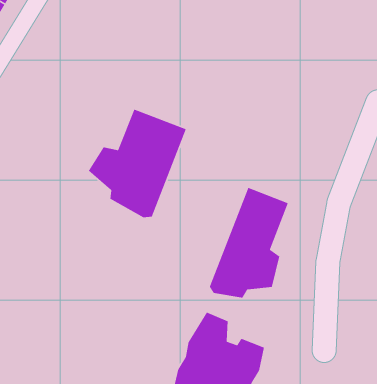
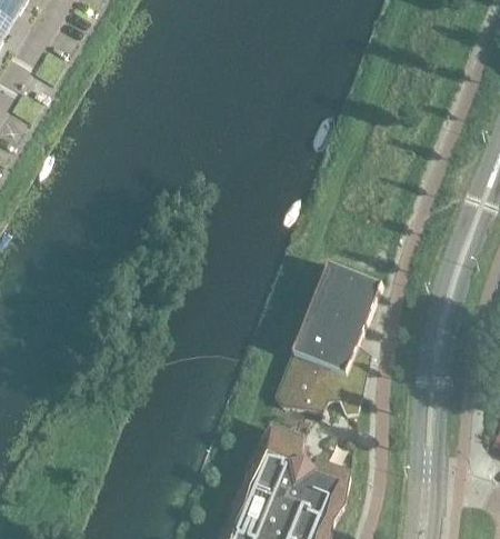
building: [88,109,187,218] -> none

